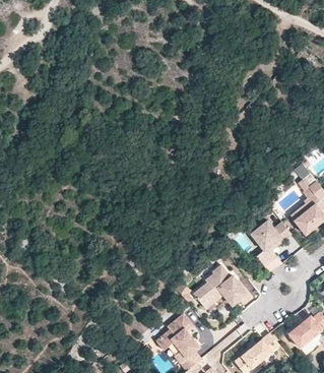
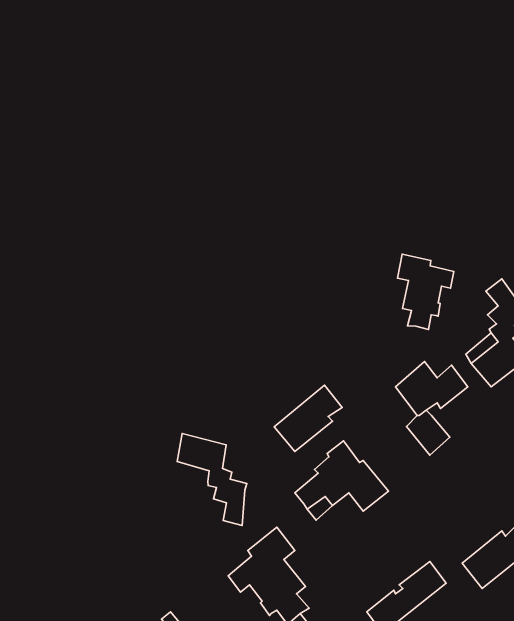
building: none -> [398,254,454,330]
building: none -> [274,385,342,451]
building: none -> [177,433,247,526]

